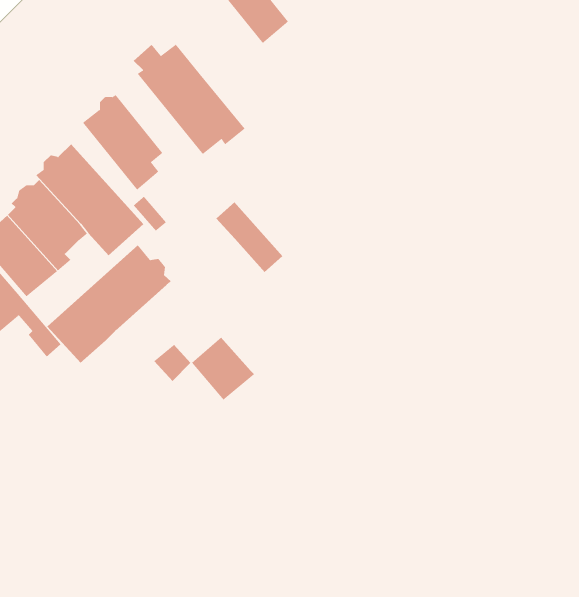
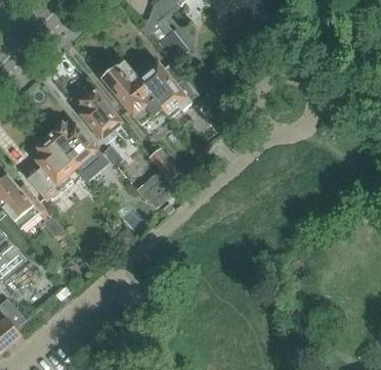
building: none -> [139,62,199,118]
building: [47,244,172,364] -> none
building: [191,337,255,401] -> [141,169,176,203]

